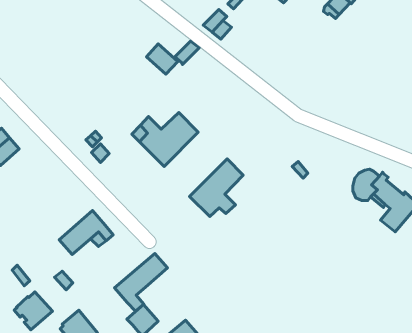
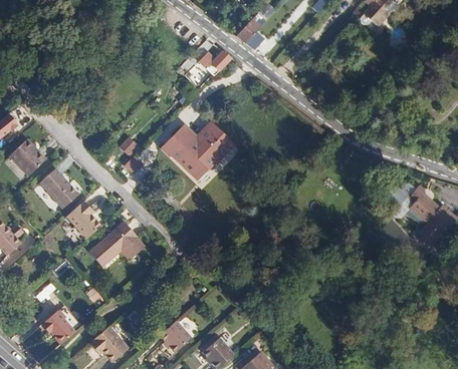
building: none -> [40,170,78,211]
building: [190,159,243,217] -> none
building: none -> [68,202,101,239]
building: [115,253,167,311] -> none

